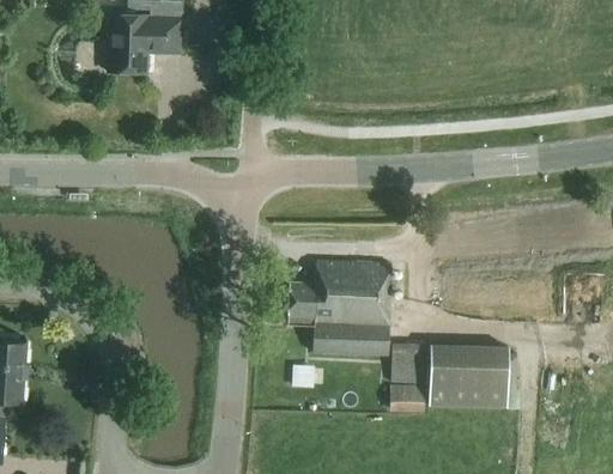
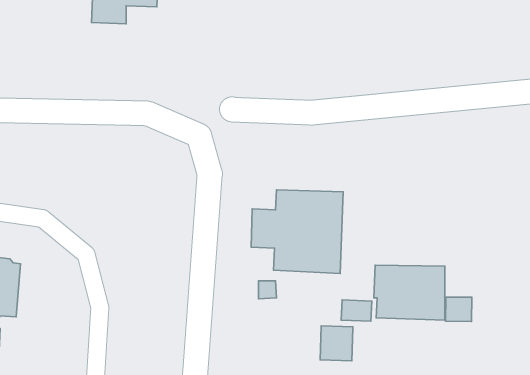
building: [390,342,427,382] -> [320,326,353,361]
building: none -> [445,297,472,321]

